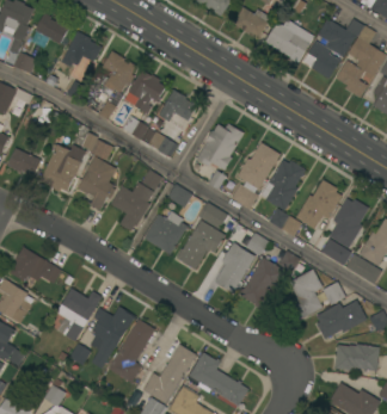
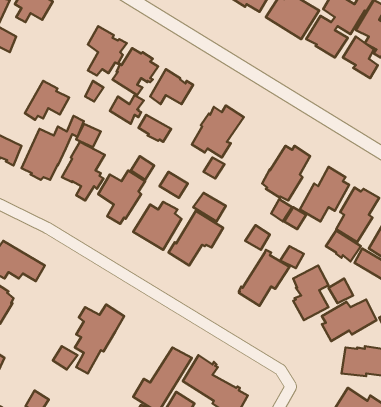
building: [61,31,102,67] -> [25,81,69,120]
building: [232,143,281,209] -> none
building: [215,242,256,293] -> none
building: [56,288,103,341] -> none
building: [109,319,155,383] -> none

